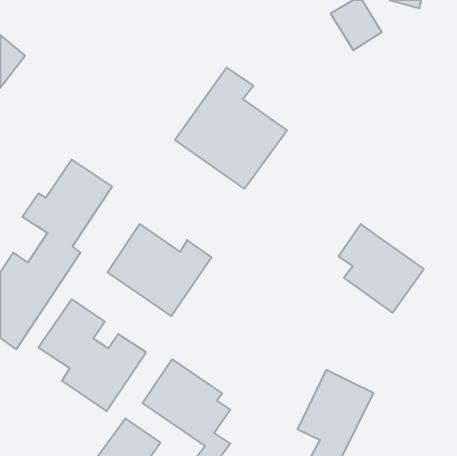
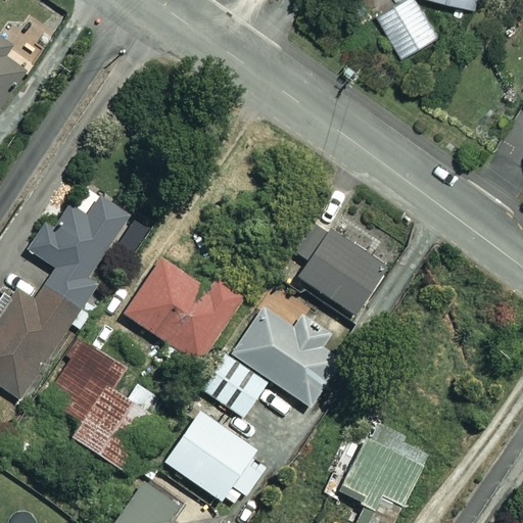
building: [175,67,287,189] -> none
building: [339,224,424,313] -> [292,215,389,316]
building: none -> [201,306,345,418]

